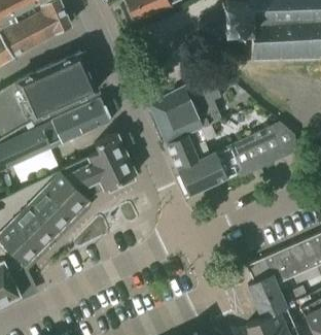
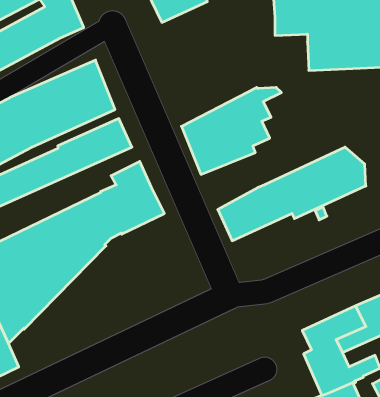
building: [166,125,217,171] -> none

